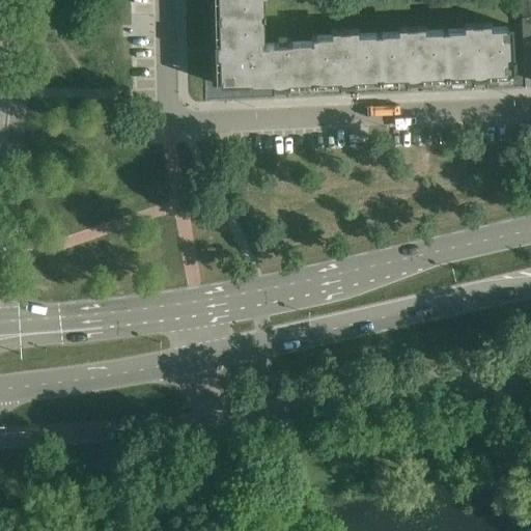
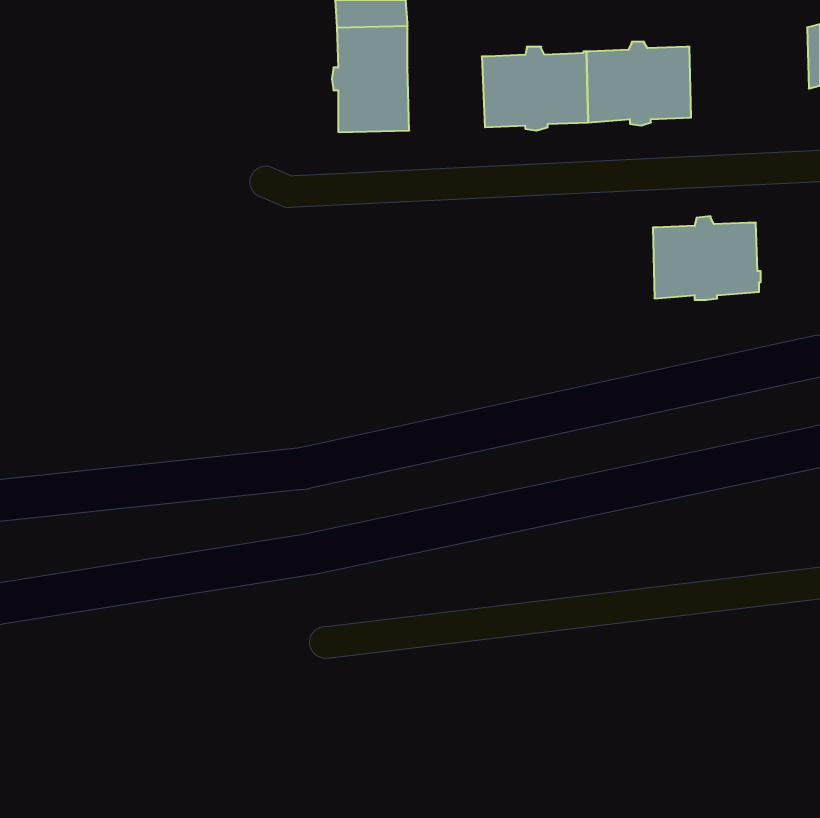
building: [444,26,513,80] -> [653,216,761,300]
building: [262,39,312,90] -> none

